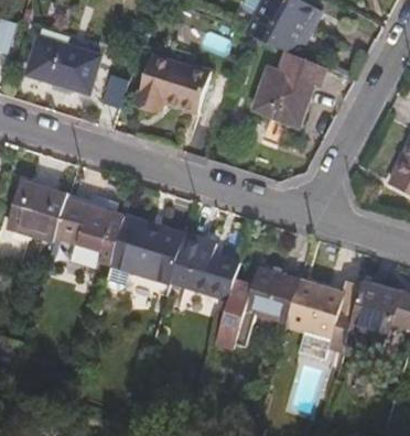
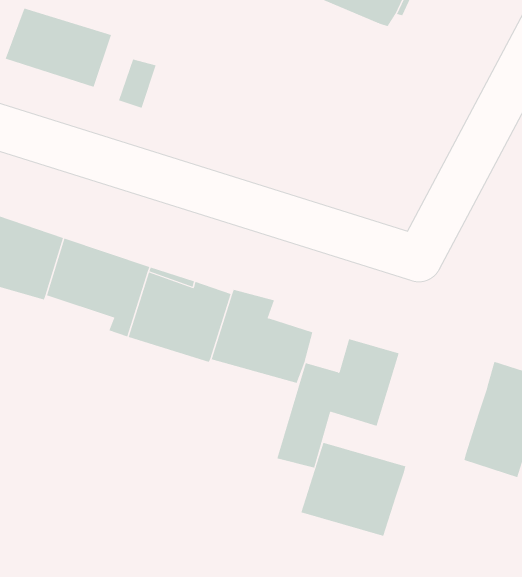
building: [252,48,324,127] -> none
building: [137,55,213,111] -> none
building: [285,280,358,345] -> [301,442,406,537]

